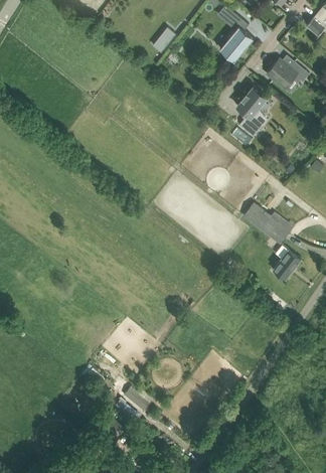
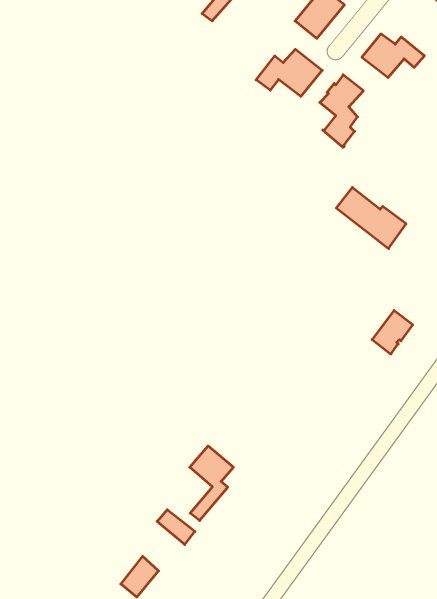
building: none -> [256,49,322,96]
building: [242,202,291,245] -> [336,187,406,249]
building: none -> [190,446,233,521]

